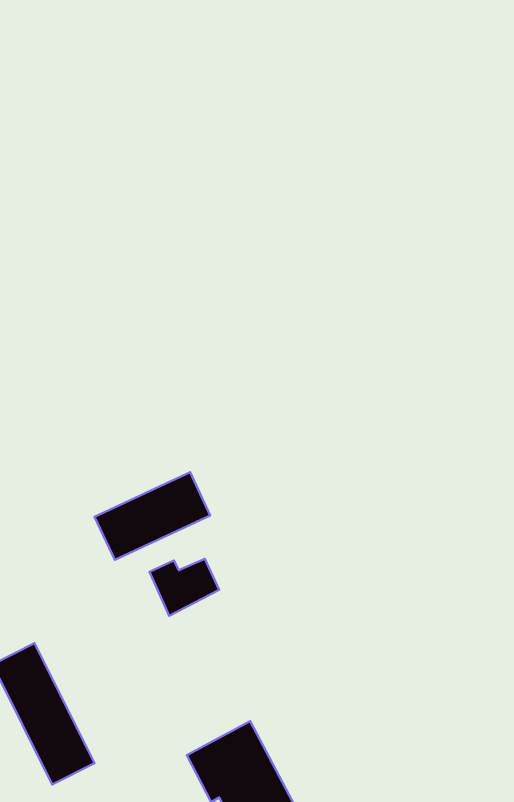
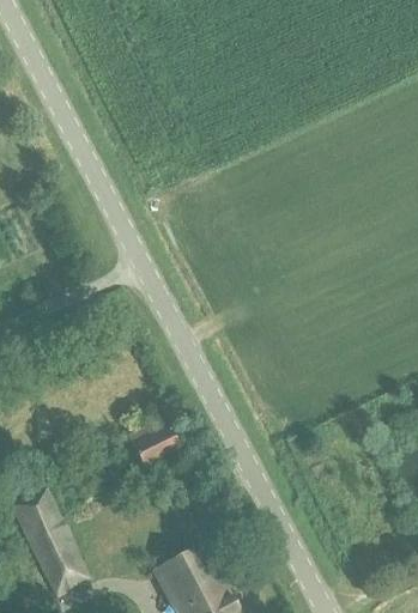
building: [95,472,210,560] -> none

